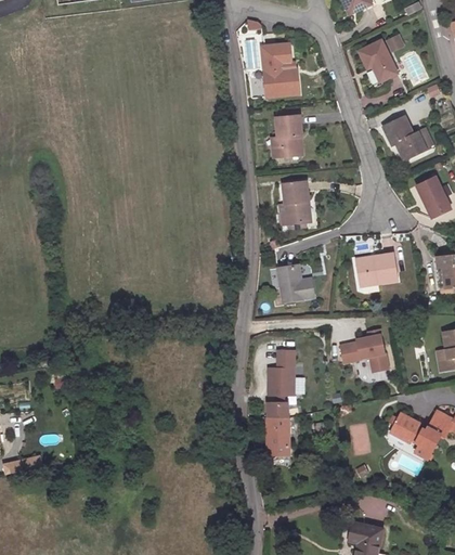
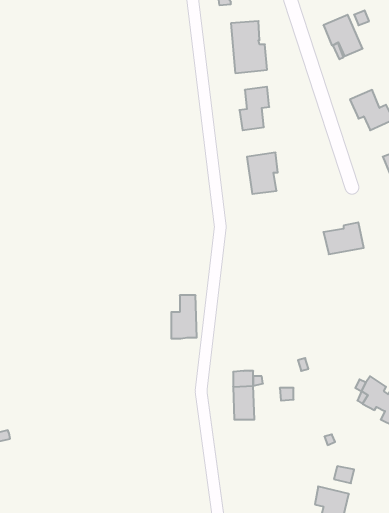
building: [277,264,316,301] -> none
building: [337,330,385,372] -> none
building: [266,351,292,396] -> [171,295,197,339]

